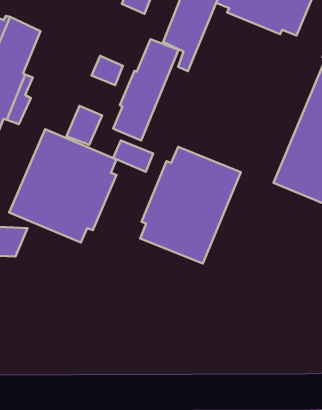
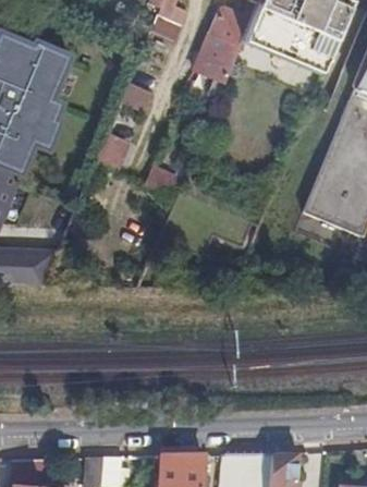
building: [113,39,179,140] -> none
building: [9,129,117,242] -> none
building: [140,147,241,263] -> none

